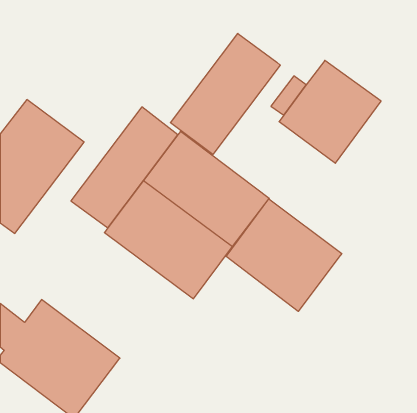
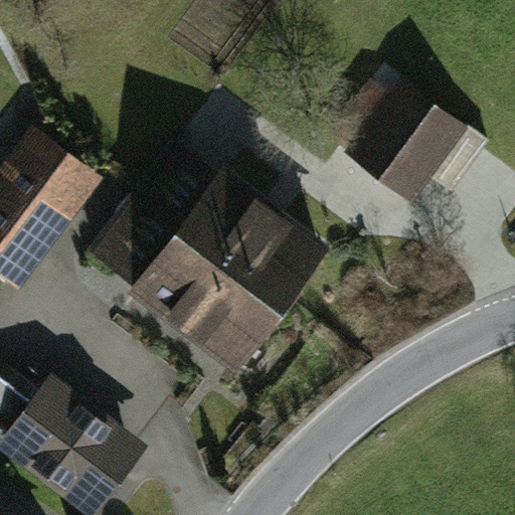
building: [170,33,280,154] -> none
building: [226,199,342,311] -> none

